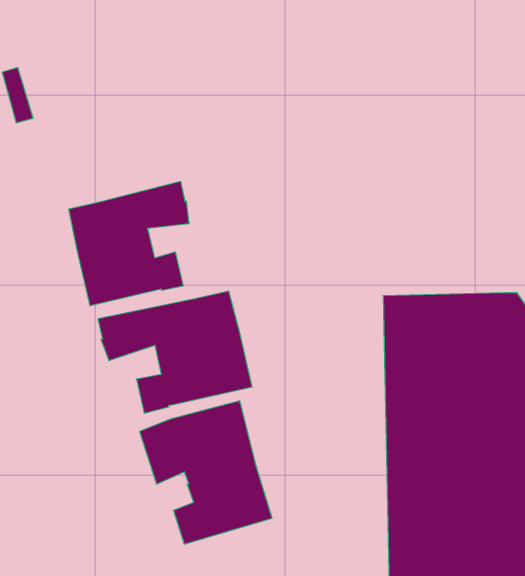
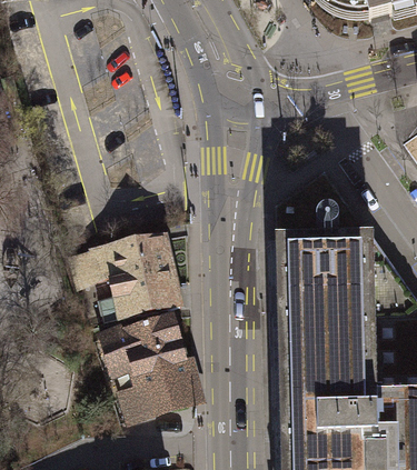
building: [69,181,189,306] -> none

